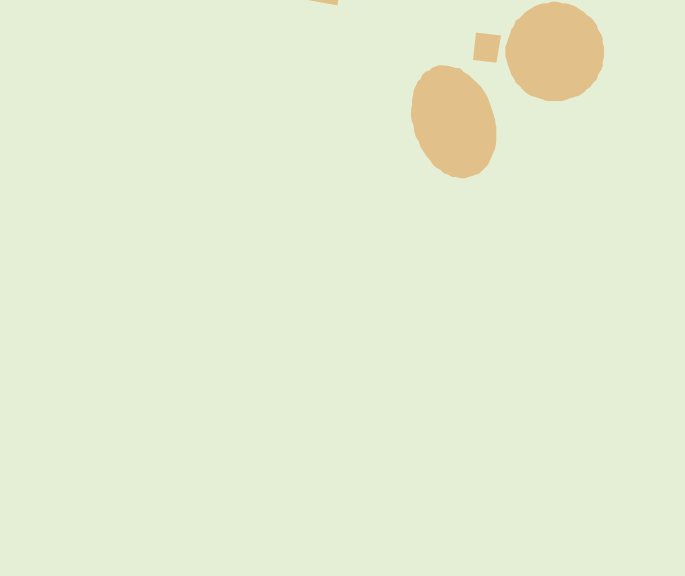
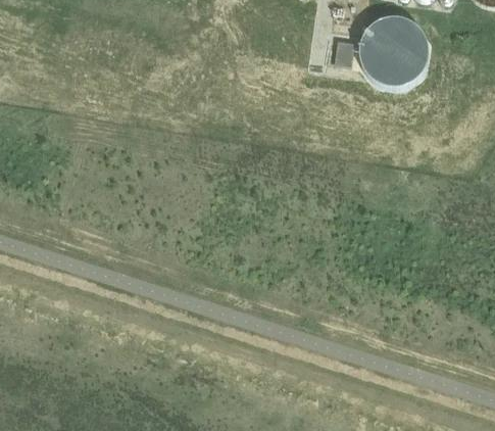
building: [410,65,497,179] -> none

